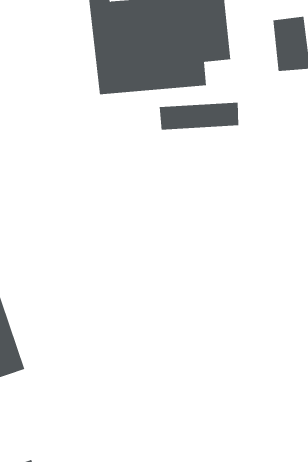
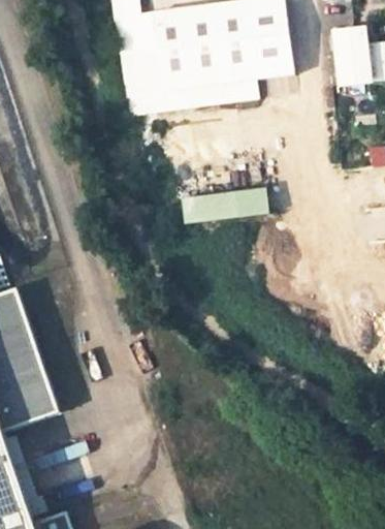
building: [159,102,239,130] -> [186,188,275,219]

